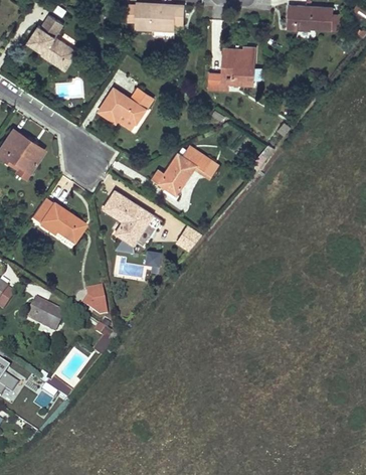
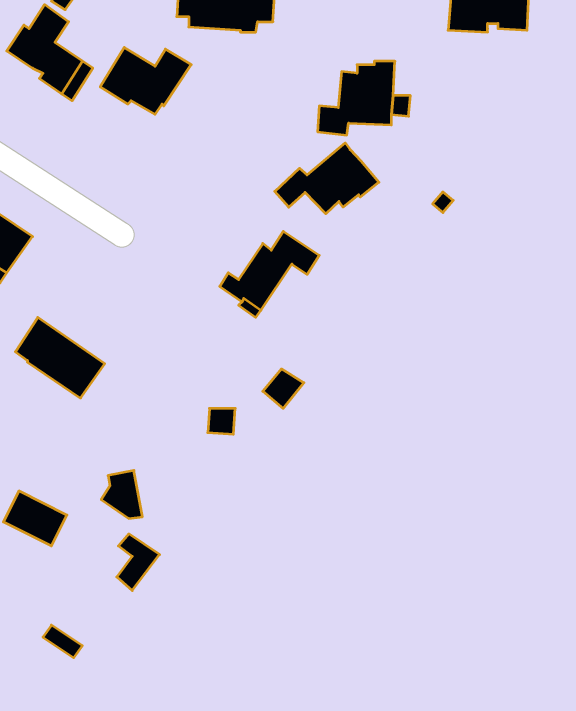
building: [100,88,153,127] -> [100,47,191,114]
building: none -> [275,143,379,214]
building: [104,190,153,244] -> none

